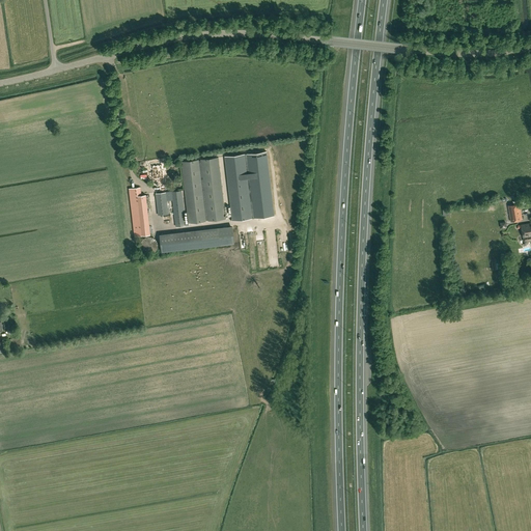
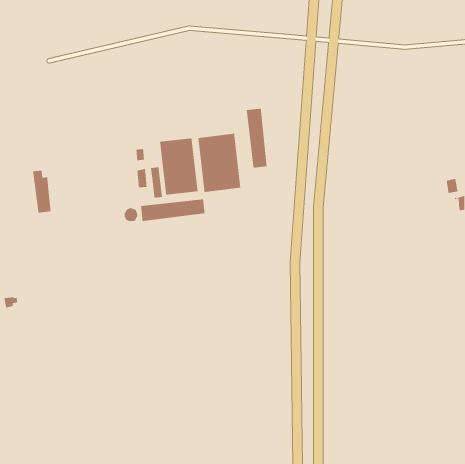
building: none -> [246,108,267,169]
building: [129,188,150,237] -> [32,170,51,214]

